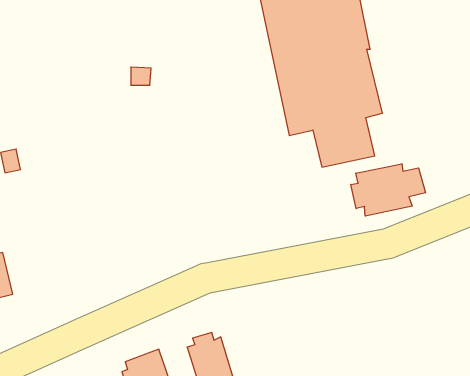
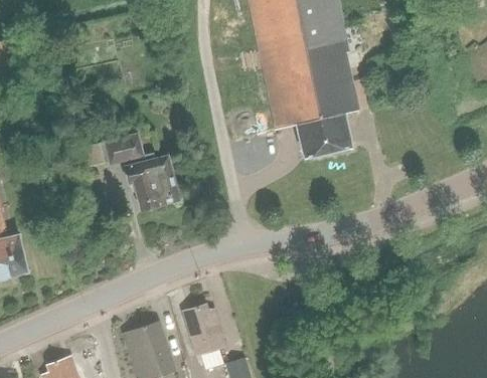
building: none -> [105,133,180,210]
building: [351,164,426,216] -> none

